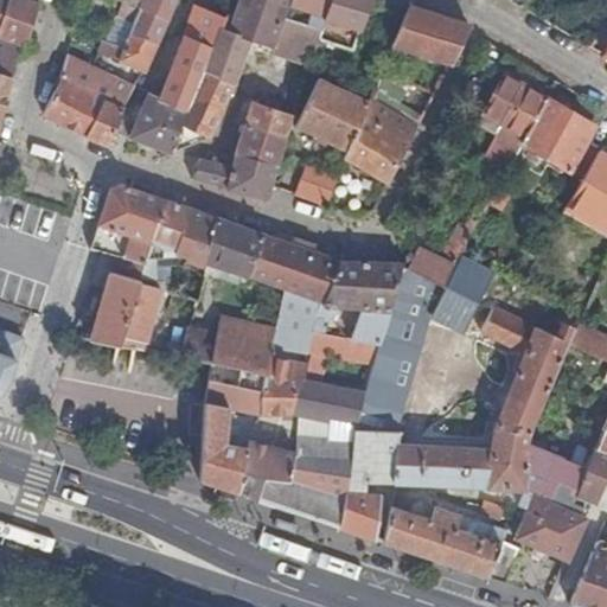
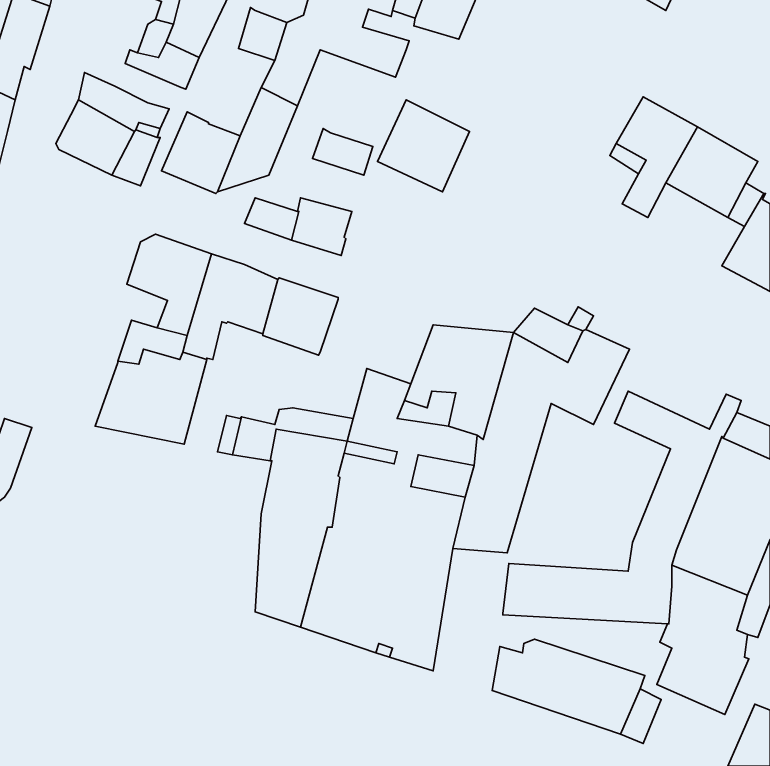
building: [394,8,471,64] -> none
building: [164,38,216,107] -> none
building: [344,96,418,184] -> none
building: [236,124,286,166] -> none
building: [294,165,337,206] -> none
building: [251,235,340,301] -> none
building: [340,430,401,539] -> none

